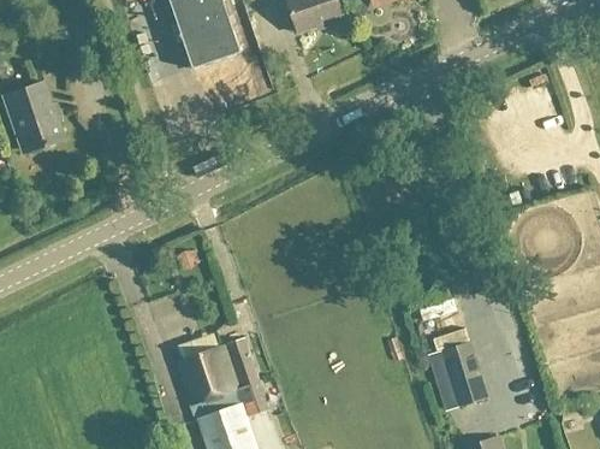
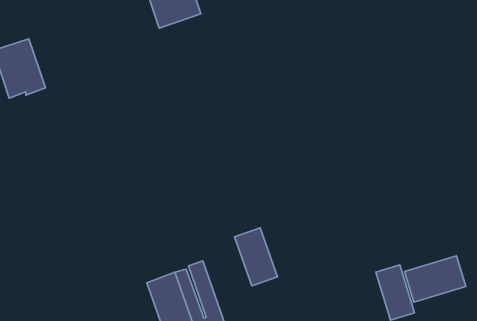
building: none -> [235,228,277,286]
building: none -> [405,256,466,302]

